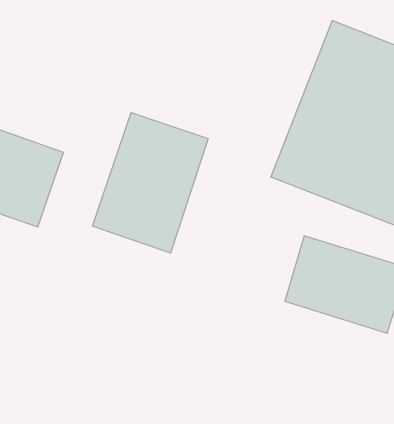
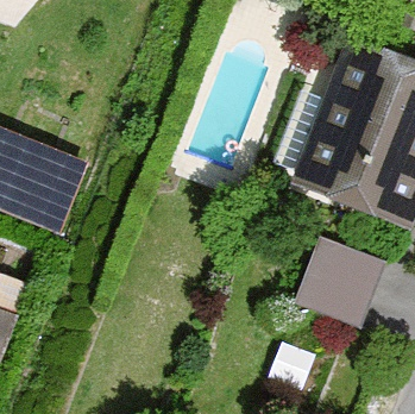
building: [92,112,208,253] -> none

